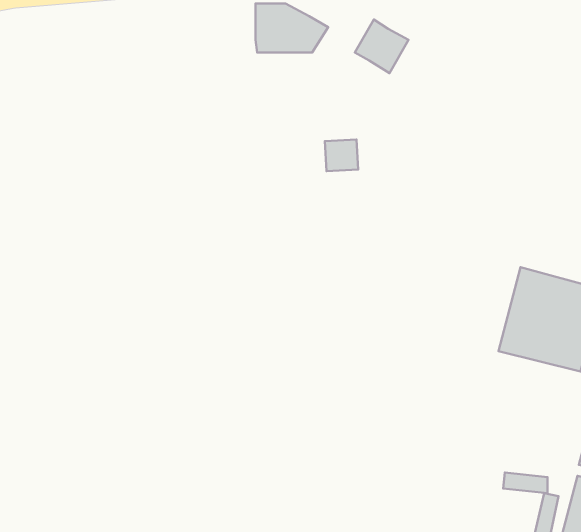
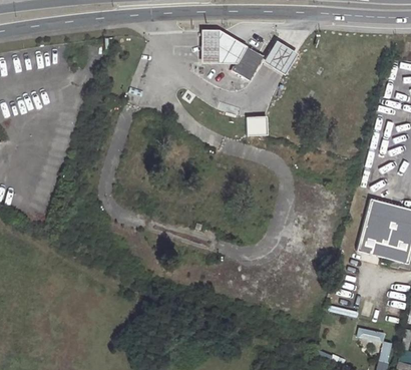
building: none -> [234,45,264,78]

